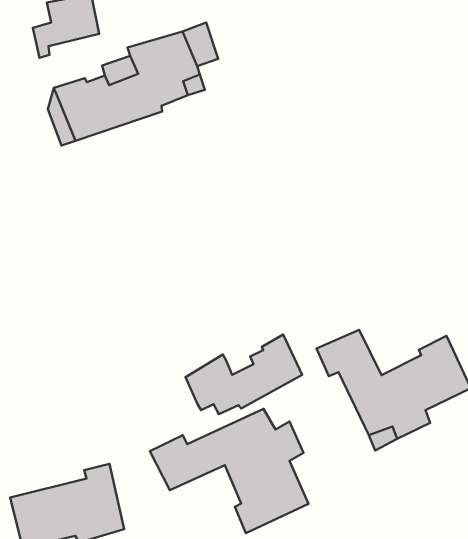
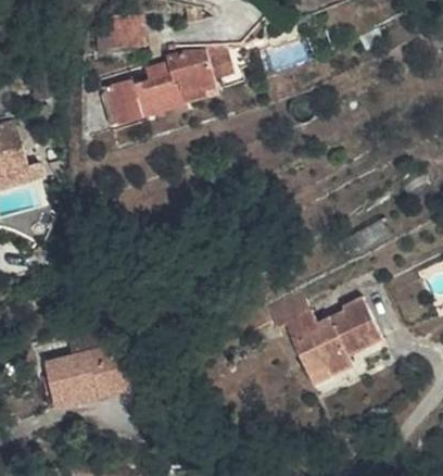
building: [186,334,302,414] -> none
building: [150,409,309,533] -> none

